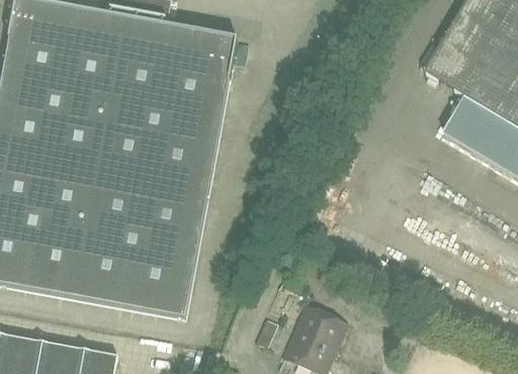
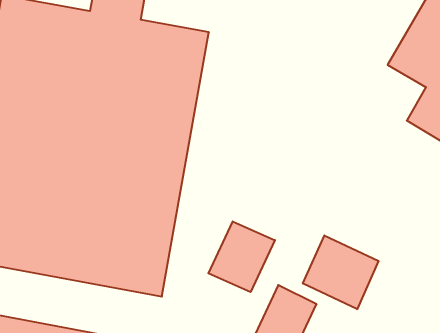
building: none -> [208,221,275,292]
building: none -> [303,235,379,309]

